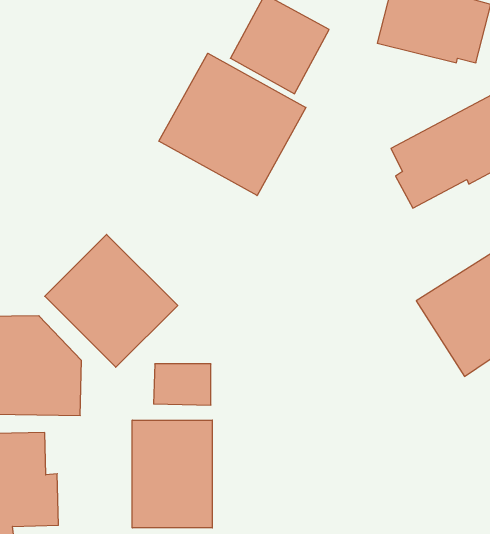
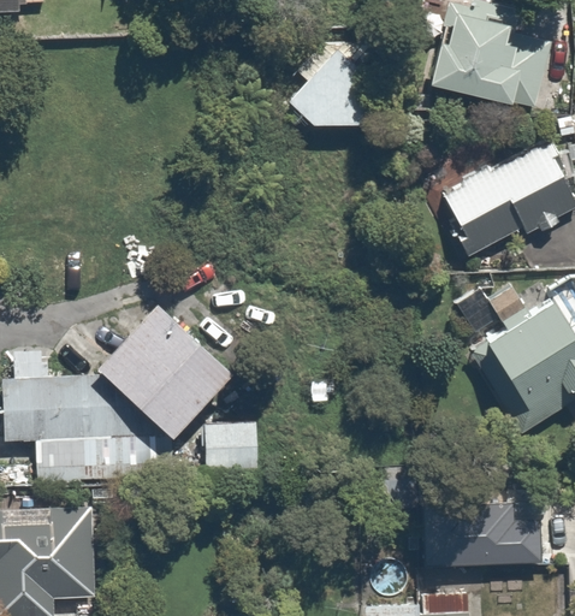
building: [159,53,306,196] -> none
building: [132,420,212,528] -> none
building: none -> [427,504,545,569]

